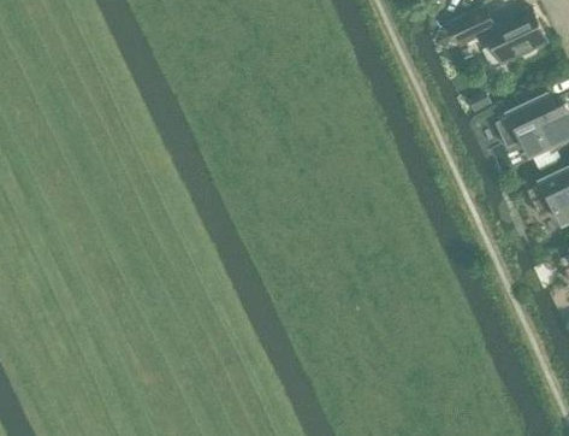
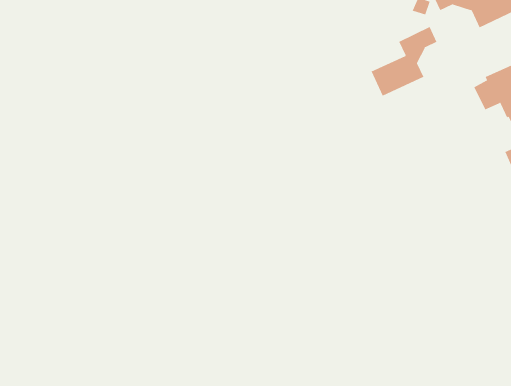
building: none -> [371,26,437,97]

